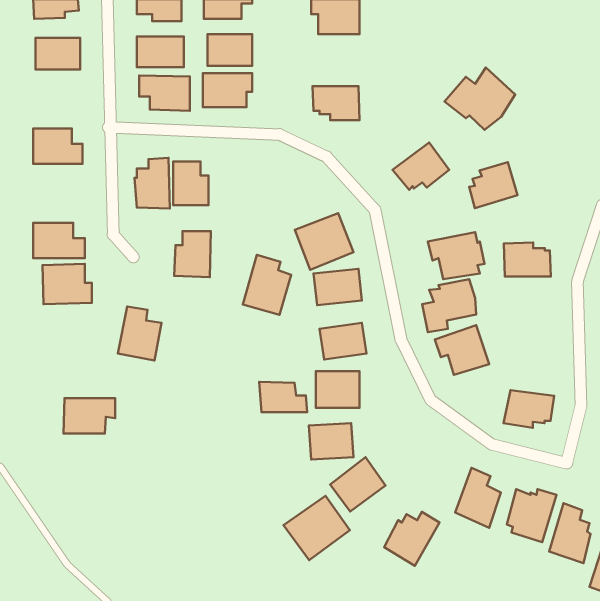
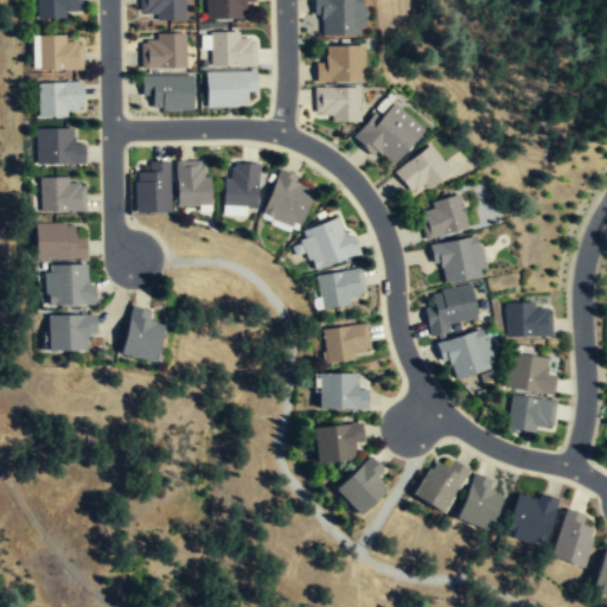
building: none -> [317,46,365,81]
building: [445,67,515,130] -> [356,102,427,165]
building: none -> [38,83,84,116]
building: [469,162,517,208] -> [423,192,472,238]
building: none -> [39,178,87,213]
building: [174,231,211,277] -> [223,164,260,210]
building: [504,242,551,277] -> [509,300,556,334]
building: [243,255,291,315] -> [264,168,313,229]
building: none -> [509,350,560,394]
building: [259,382,307,412] -> none
building: [63,398,115,433] -> [46,315,98,351]
building: [284,496,350,560] -> none
building: [384,512,439,566] -> [417,458,473,512]

